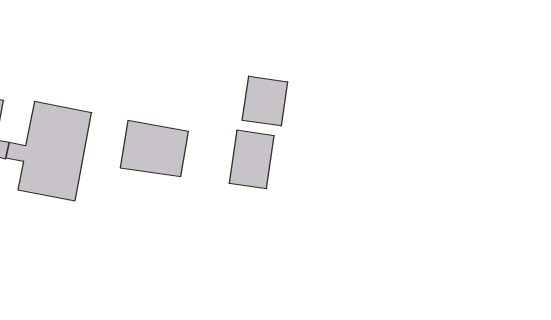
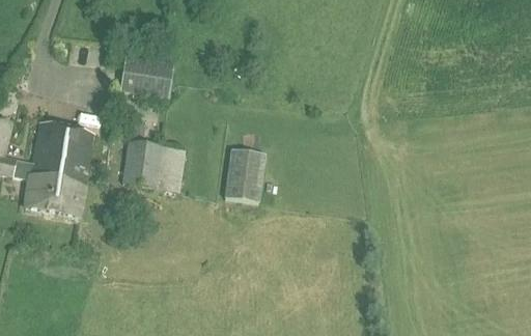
building: none -> [117,54,172,97]
building: [242,76,287,126] -> none

